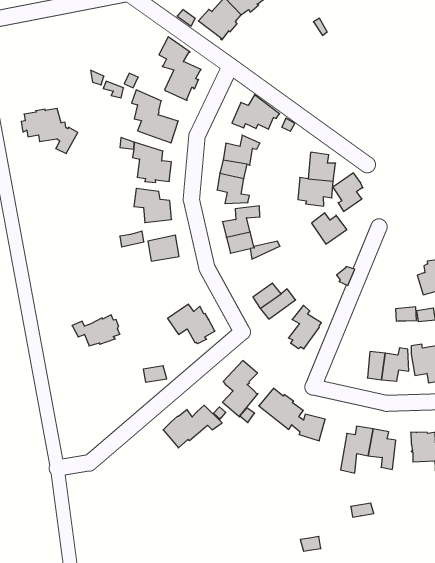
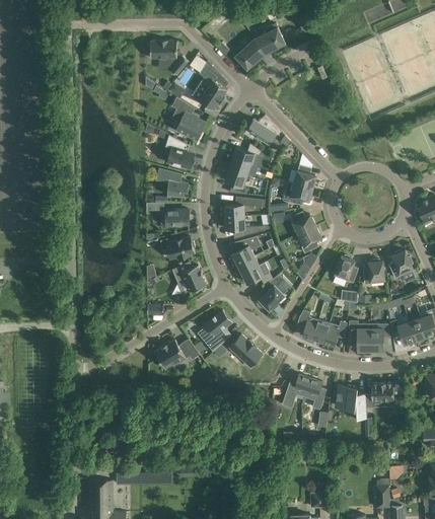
building: [21,109,78,154] -> [148,41,189,76]
building: [333,173,363,211] -> [299,227,321,254]
building: none -> [232,237,261,266]
building: none -> [335,255,359,284]
building: [72,315,120,346] -> [160,238,195,258]
building: none -> [297,310,318,340]

